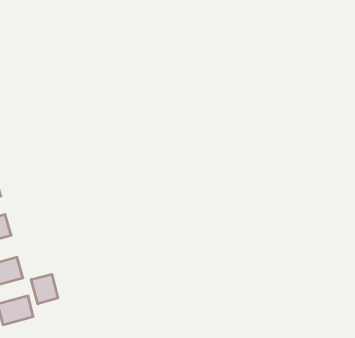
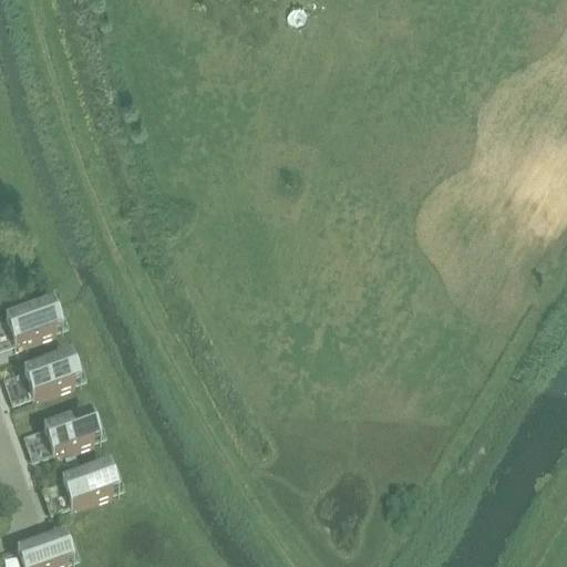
building: [31,274,58,304] -> none

